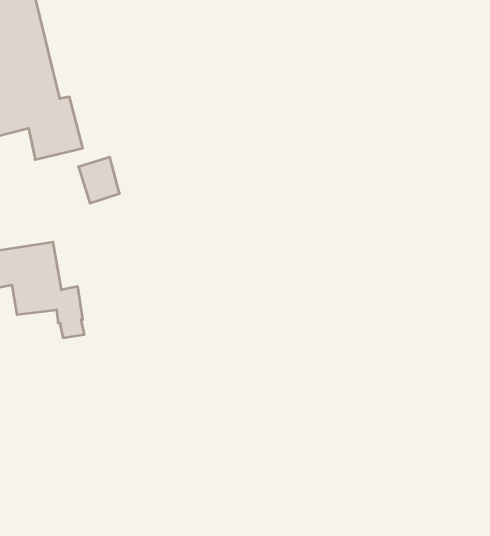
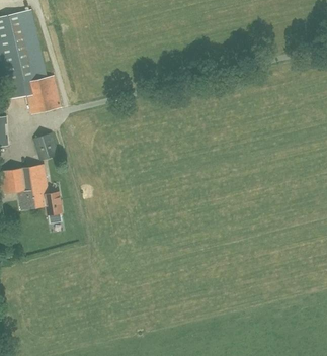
building: [78,157,120,203] -> [32,131,58,160]

